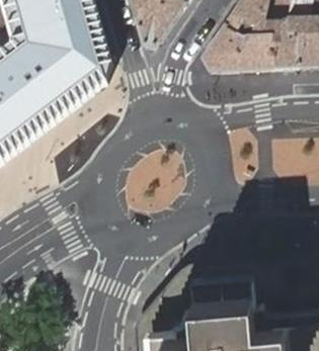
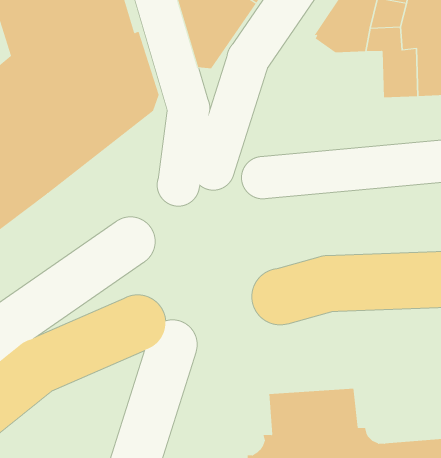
building: [201,27,272,74] -> none

